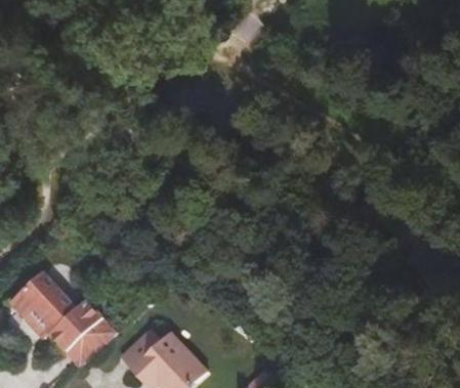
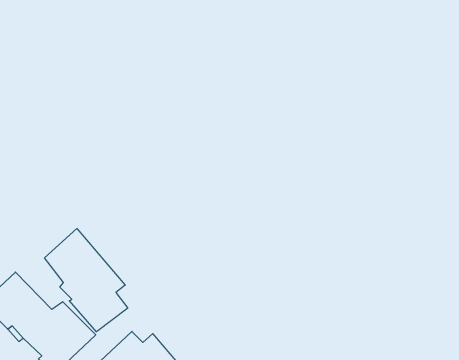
building: none -> [45,229,128,332]

